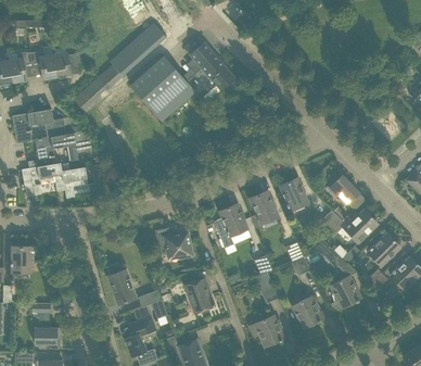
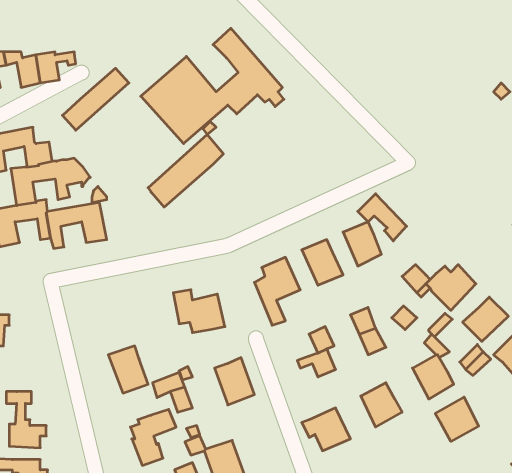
building: [110,23,165,76] -> [148,135,223,207]
building: [329,175,365,210] -> [358,194,407,241]
building: none -> [435,397,479,441]

